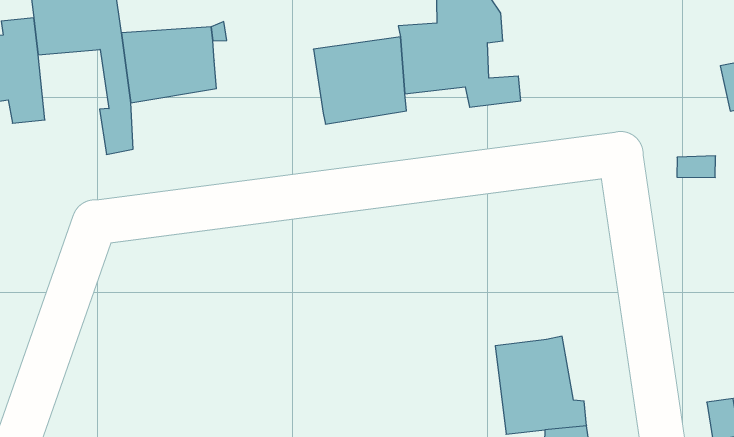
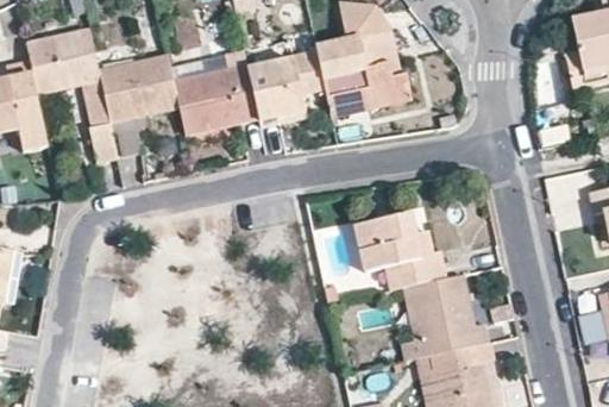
building: none -> [174,49,262,130]
building: none -> [356,211,450,288]

